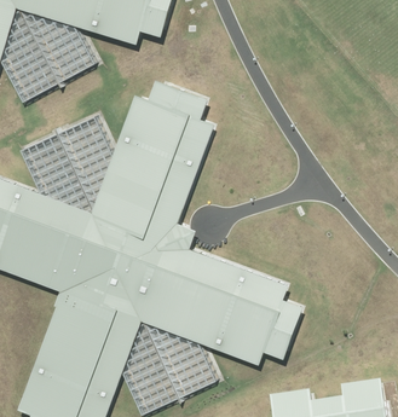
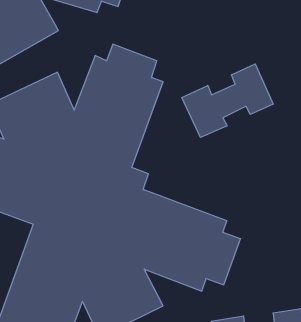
building: none -> [182,64,273,137]

